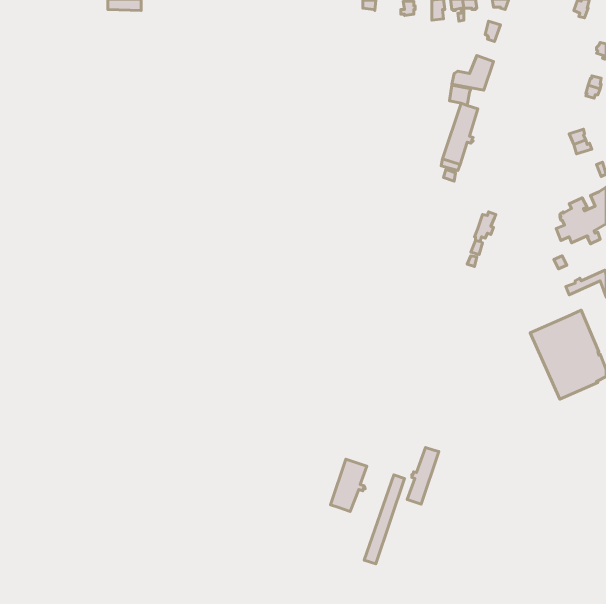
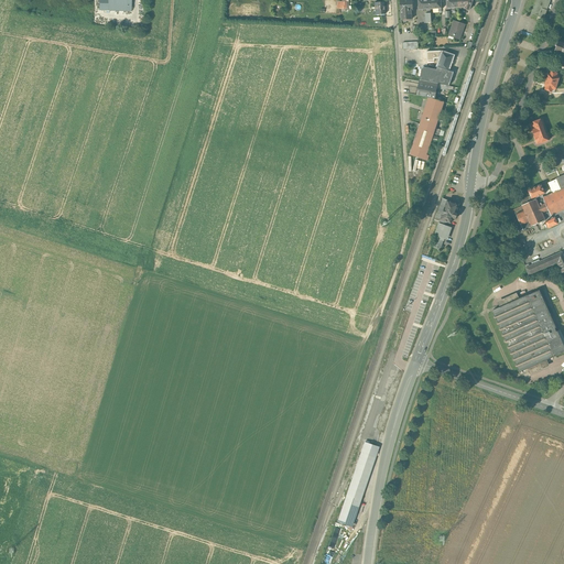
building: [407,447,439,504] -> none
building: [331,459,367,511] -> none

